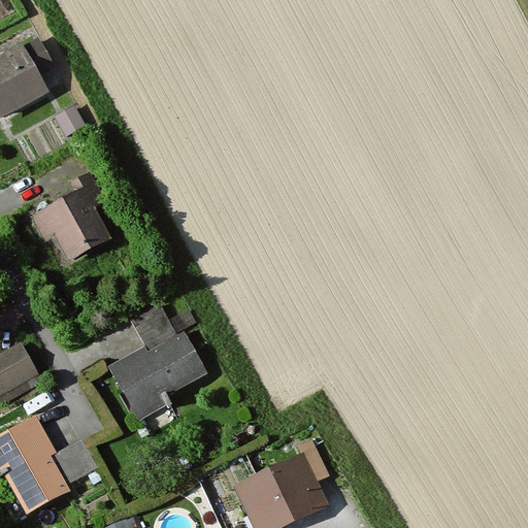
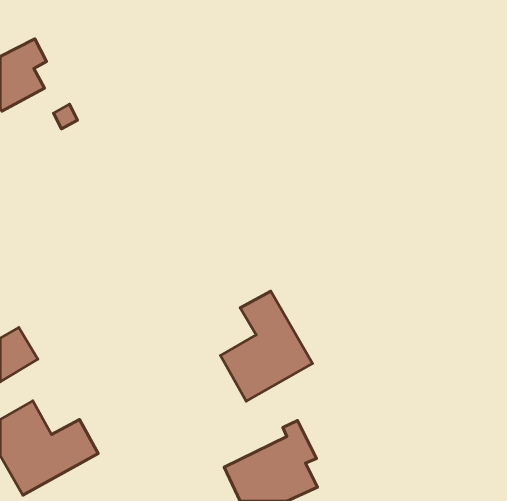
building: [31,171,105,258] -> none
building: [109,300,205,415] -> [220,291,313,401]

